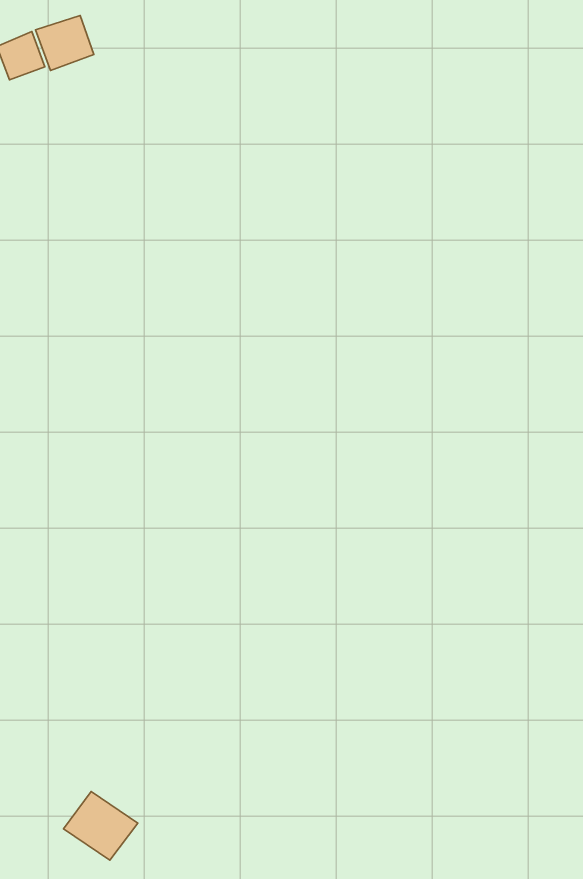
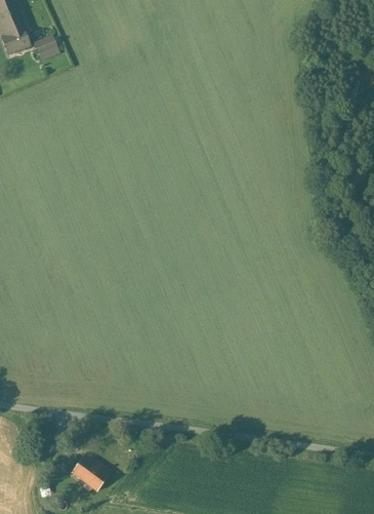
building: [36,15,94,70] -> none

